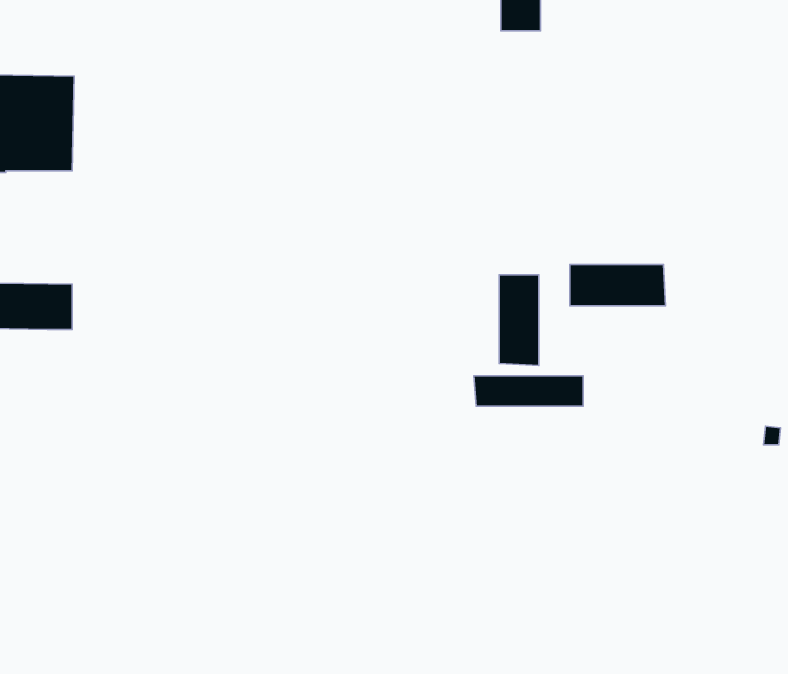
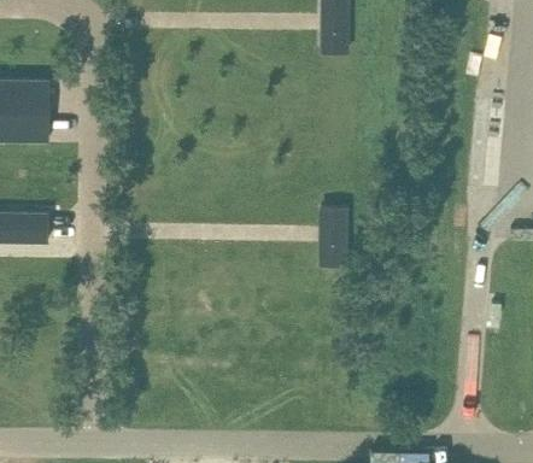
building: [570,265,665,306] -> none
building: [474,376,583,406] -> none

